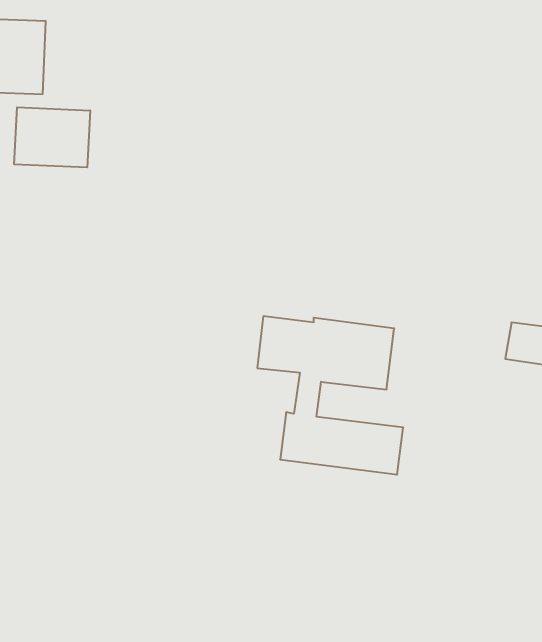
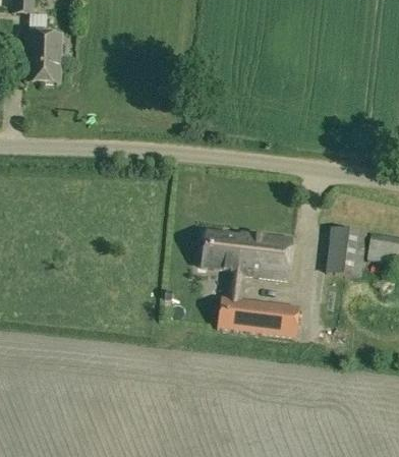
building: [14,107,90,167] -> none
building: none -> [325,225,366,276]

